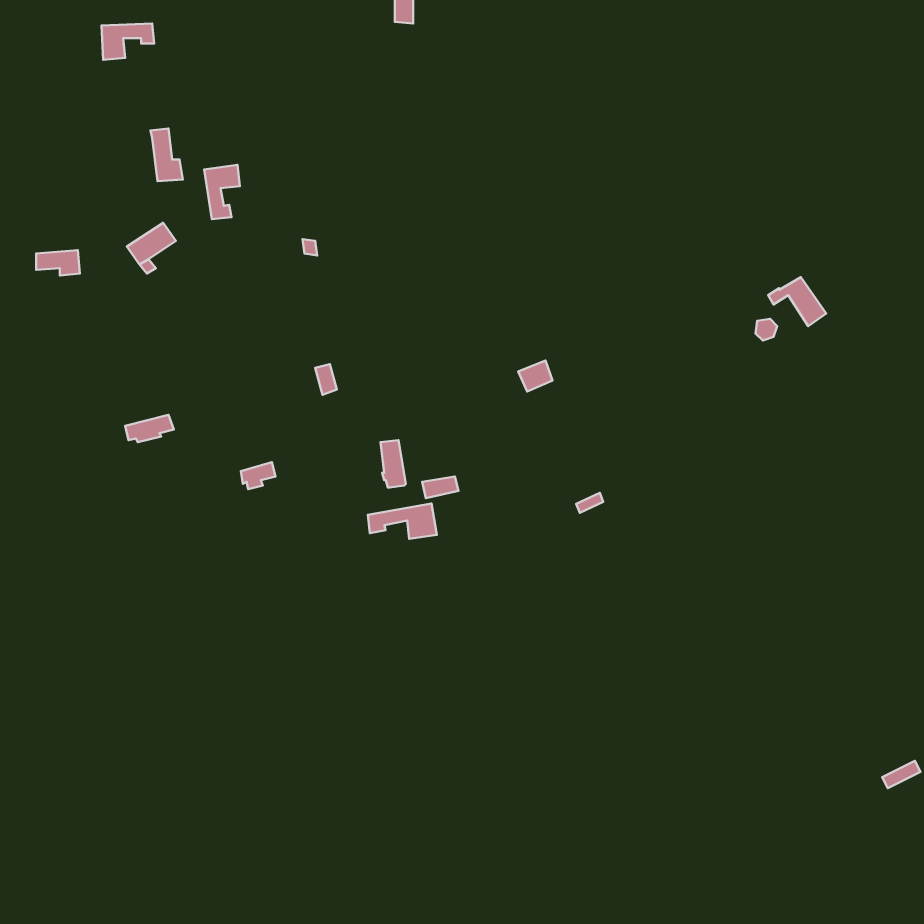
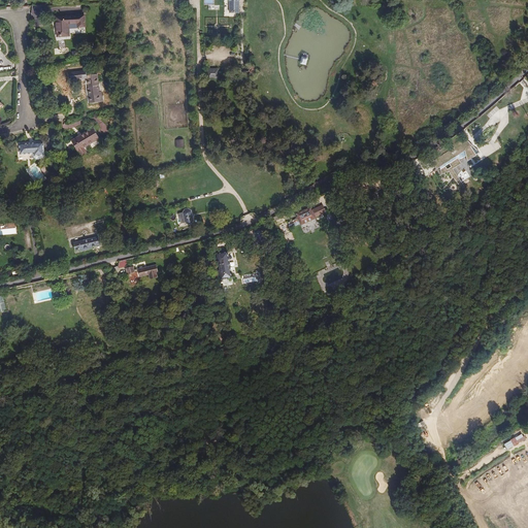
building: [204,165,240,219] -> none
building: [368,503,437,539] -> none

